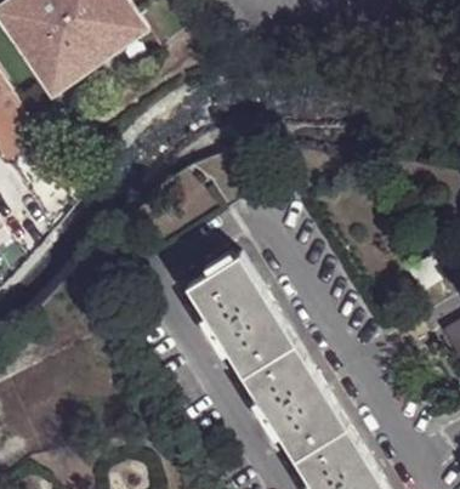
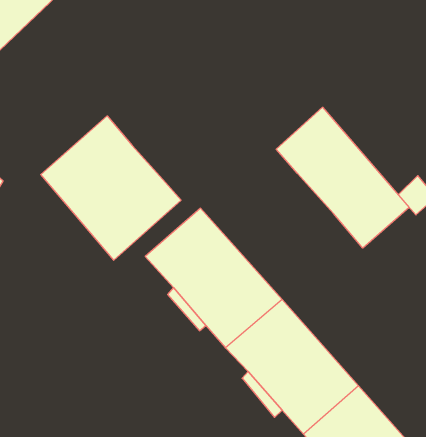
building: none -> [41,116,181,260]
building: none -> [276,107,409,248]

